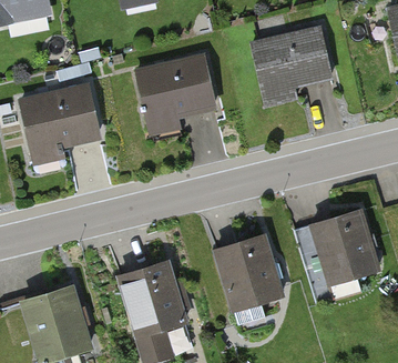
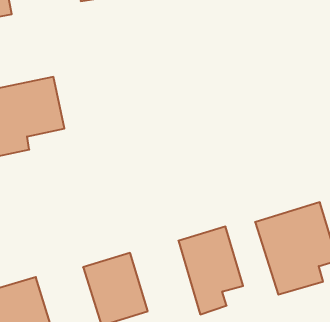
building: [252,24,331,103] -> none
building: [137,53,216,132] -> none

